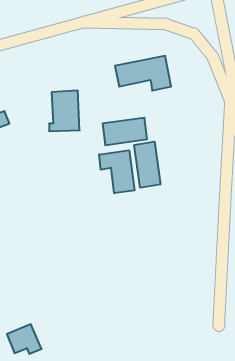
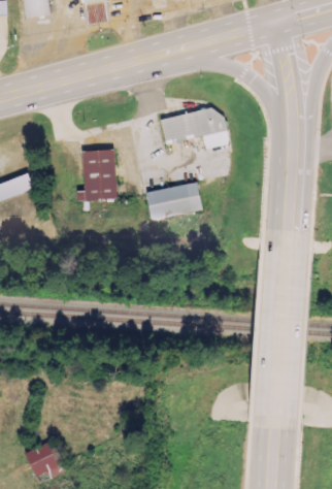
building: [134,142,160,188] -> none
building: [99,150,135,193] -> none

